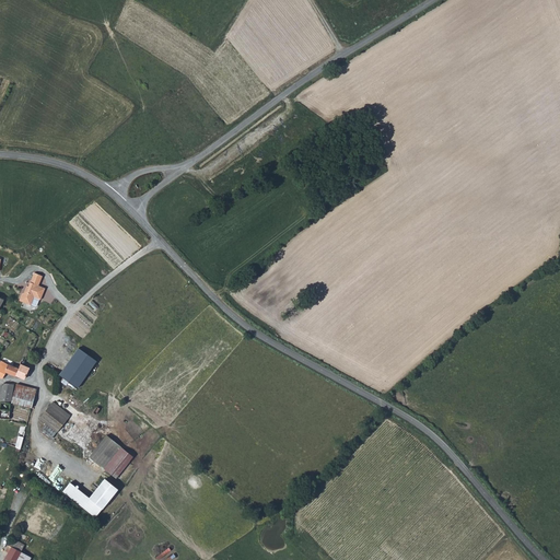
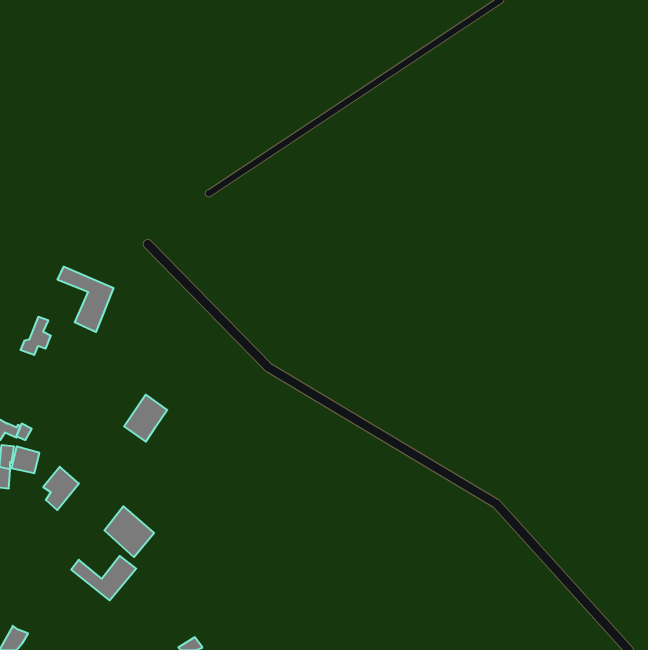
building: none -> [58,267,114,332]
building: [59,349,96,389] -> [124,395,167,442]

